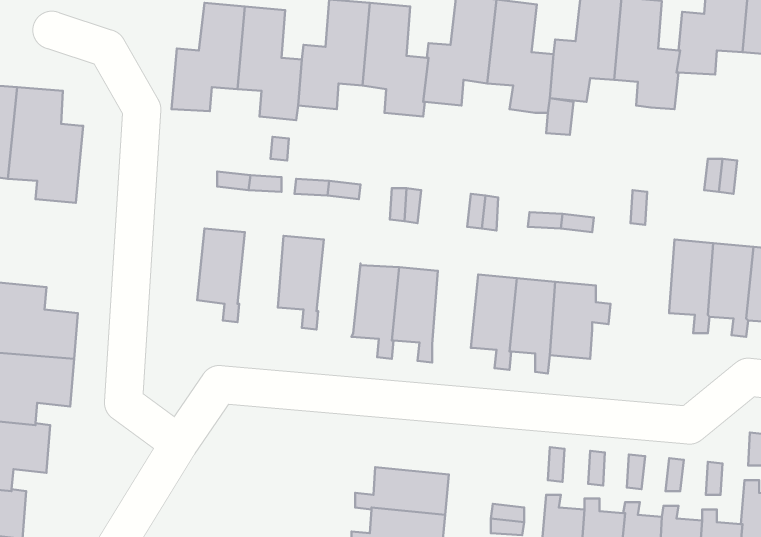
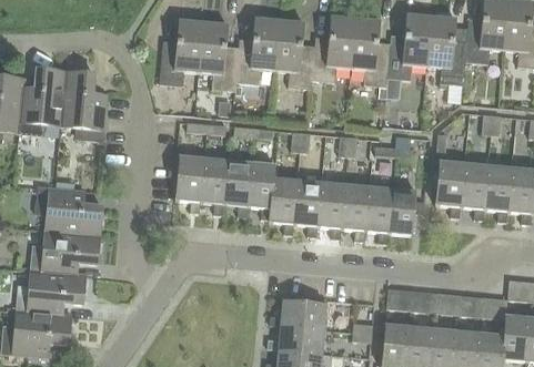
building: none -> [199,157,226,214]
building: none -> [435,160,463,216]
building: none -> [246,162,274,218]
building: none -> [316,181,344,238]

